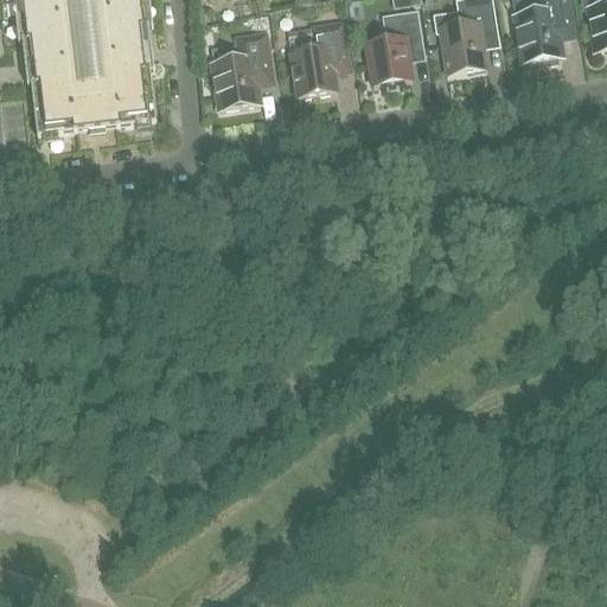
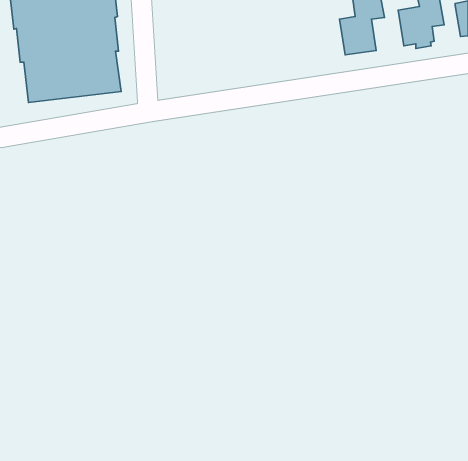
building: [365,6,421,83] -> none
building: [287,19,350,95] -> none
building: [212,30,273,107] -> none

